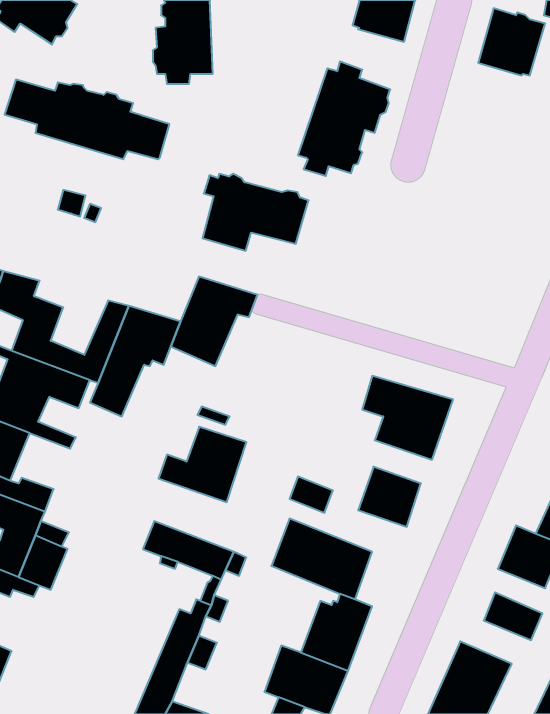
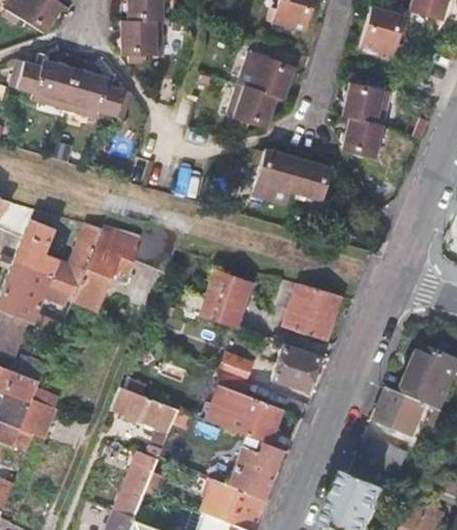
building: none -> [340,79,391,158]
building: [202,174,309,251] -> [253,157,332,214]
building: [158,427,246,502] -> [183,271,249,327]

